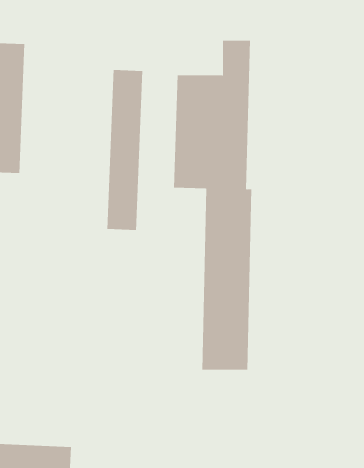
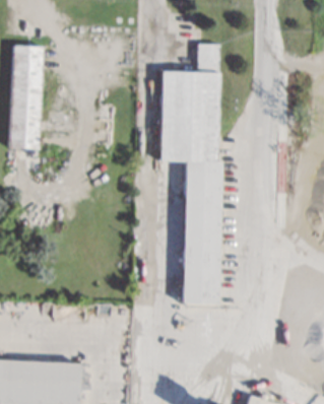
building: [107,69,143,231] -> none

